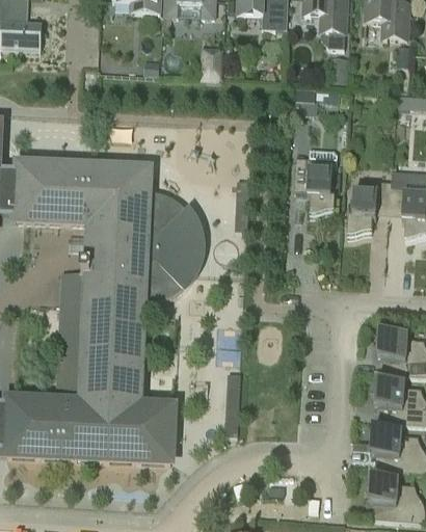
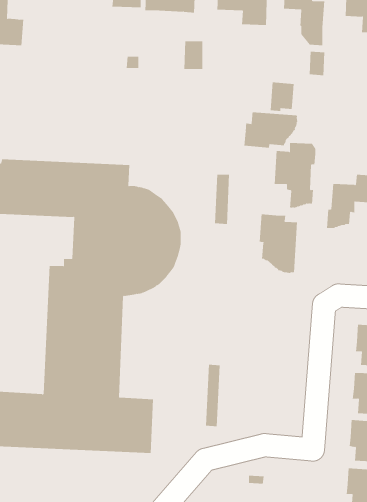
building: none -> [244,112,298,148]
building: none -> [259,213,297,274]

